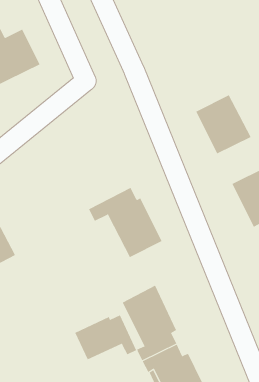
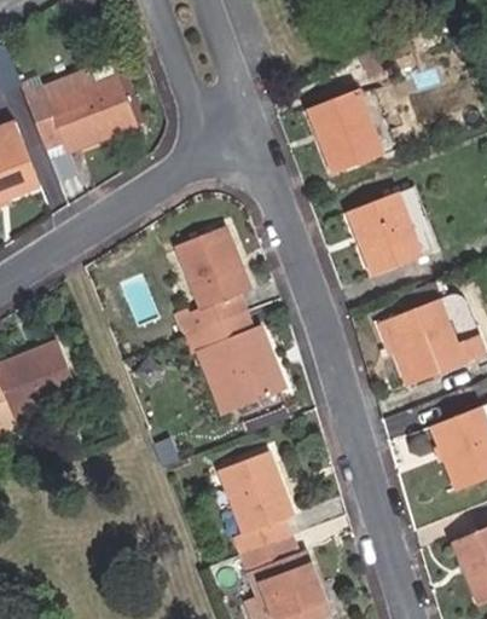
building: none -> [307,89,385,173]
building: none -> [175,225,251,335]
building: [75,315,137,360] -> none

